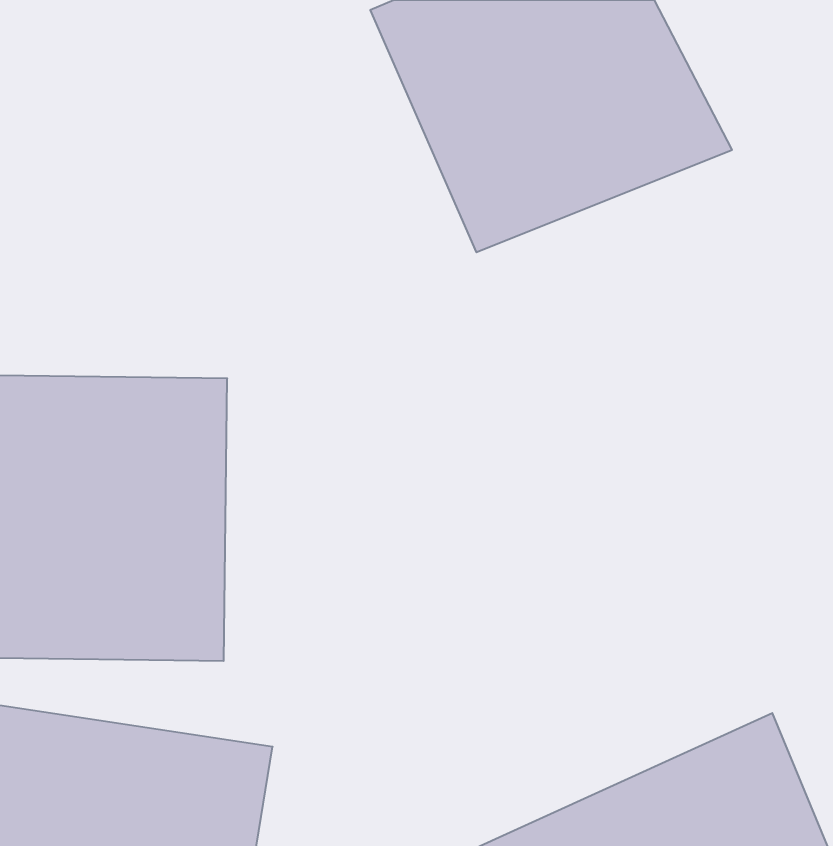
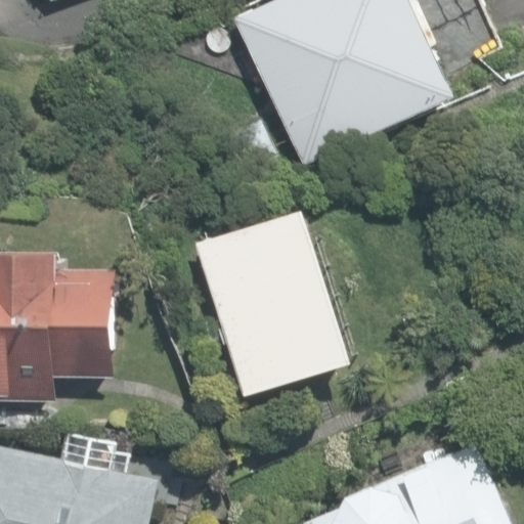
building: none -> [196,205,360,398]

